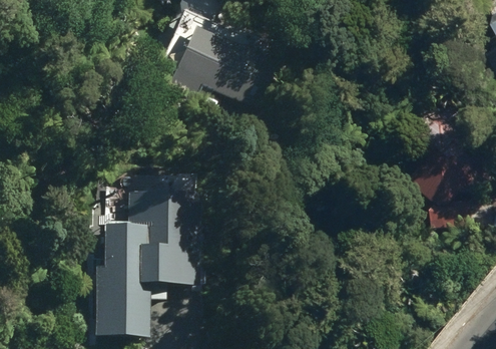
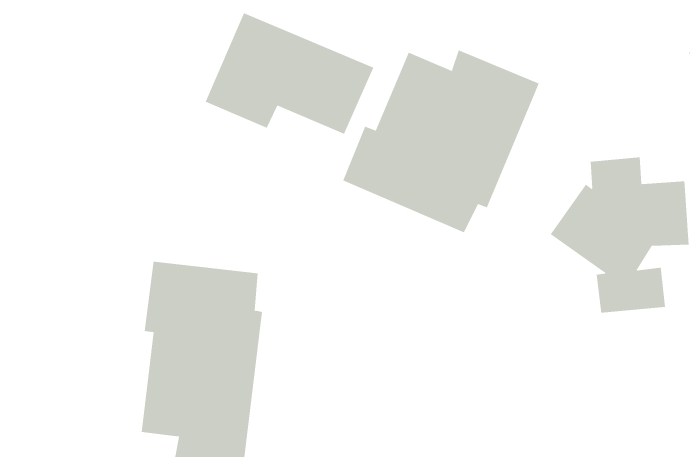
building: none -> [342,50,540,233]

